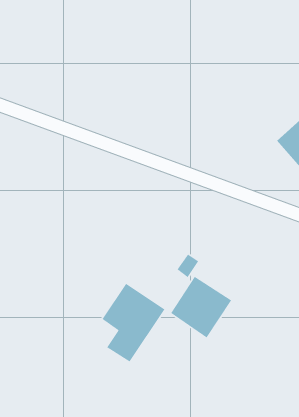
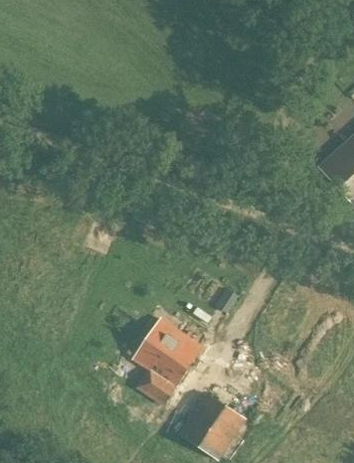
building: [170,276,232,339] -> [179,391,245,458]

